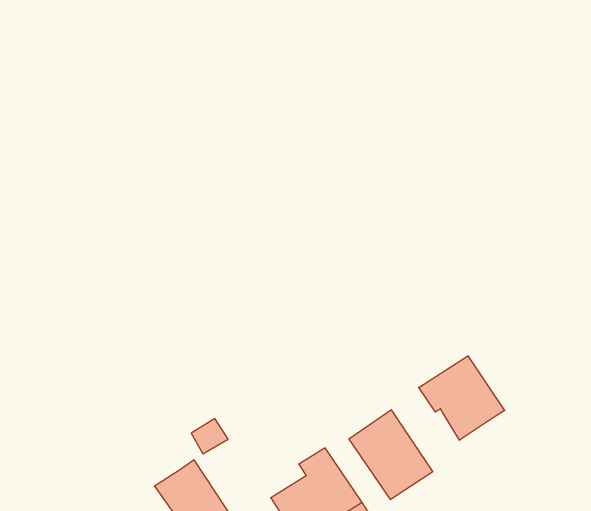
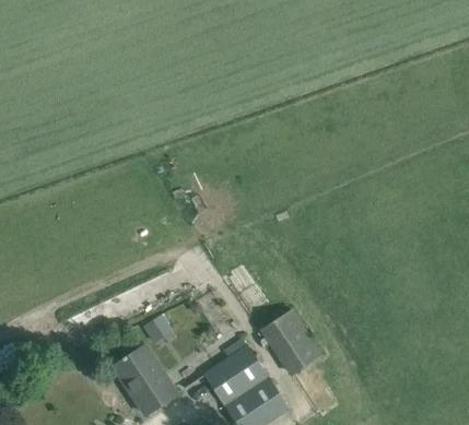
building: [419,356,505,440] -> none

